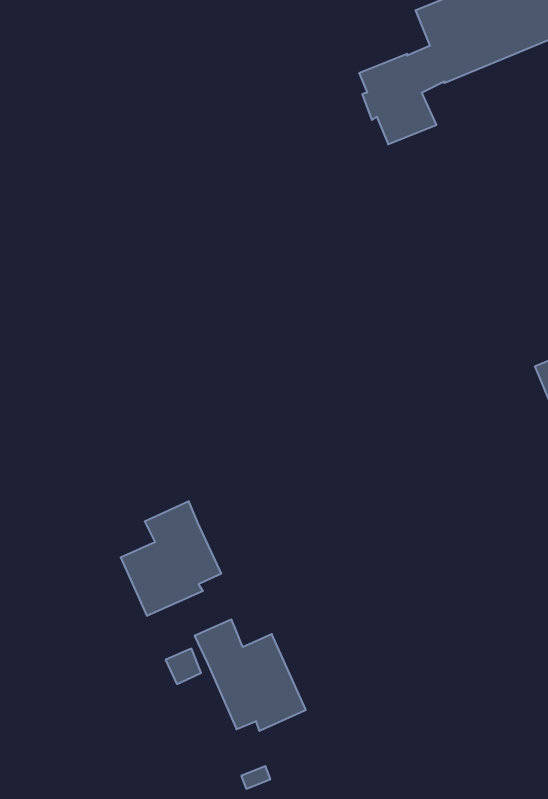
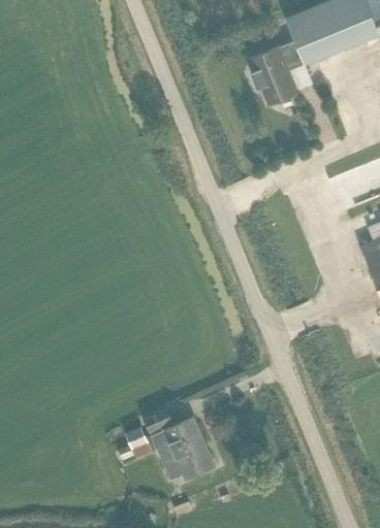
building: [121,501,221,616] -> none

